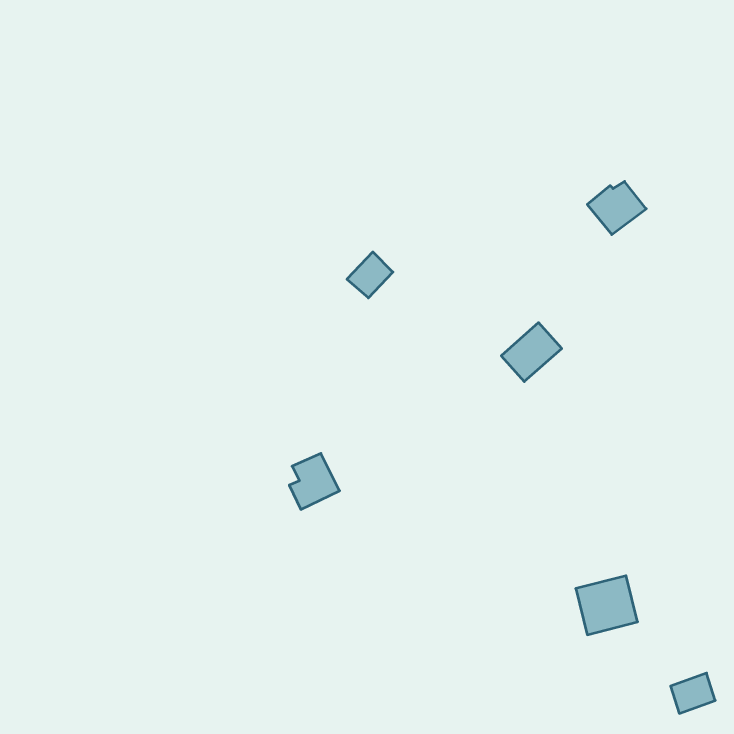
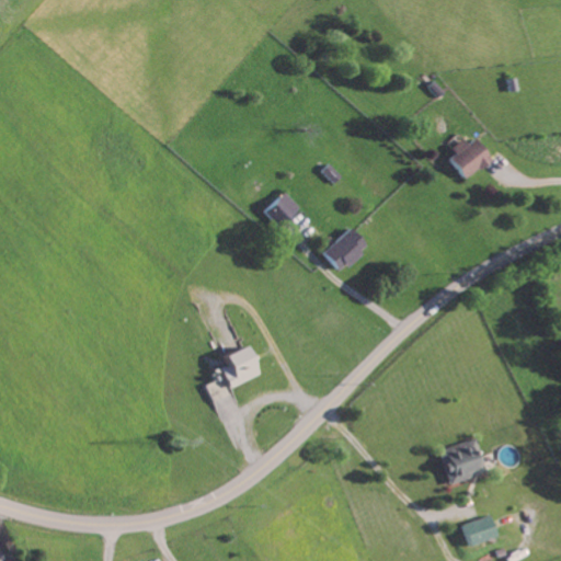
building: [501,323,562,382] -> [323,227,369,272]
building: [671,673,715,713] -> [462,515,496,546]

